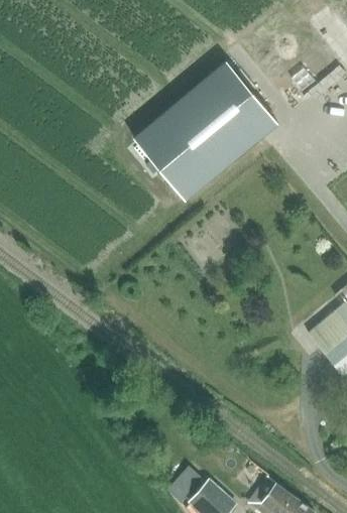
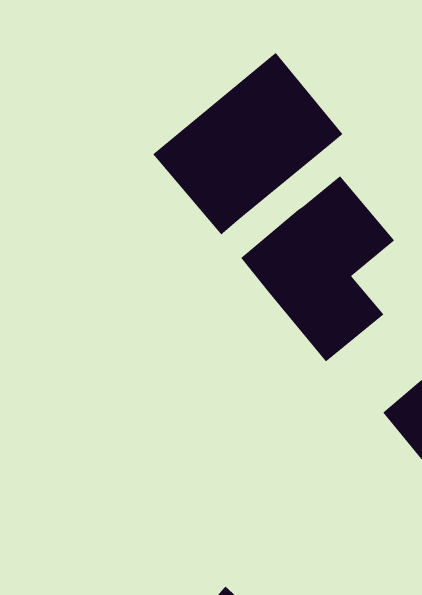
building: none -> [240,175,395,363]

